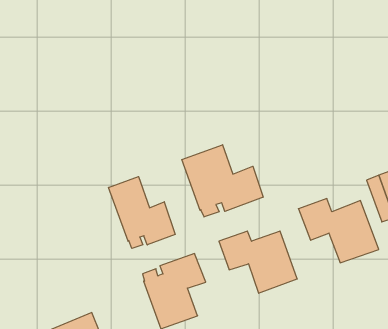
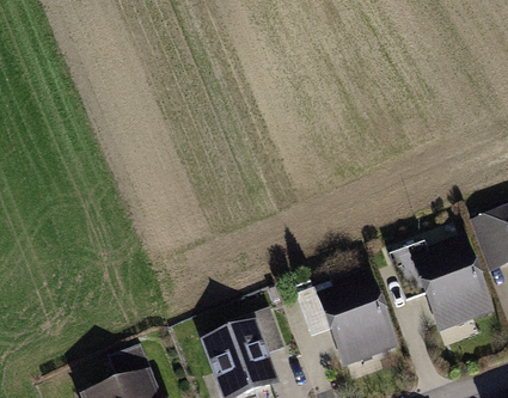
building: [182,145,263,217] -> none
building: [109,177,175,248] -> none

